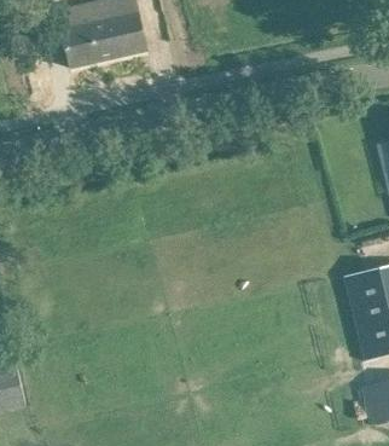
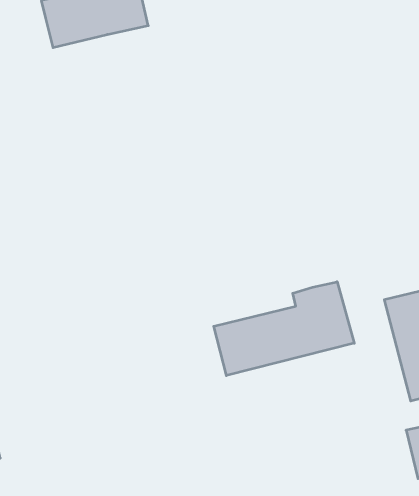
building: none -> [214,282,354,376]

